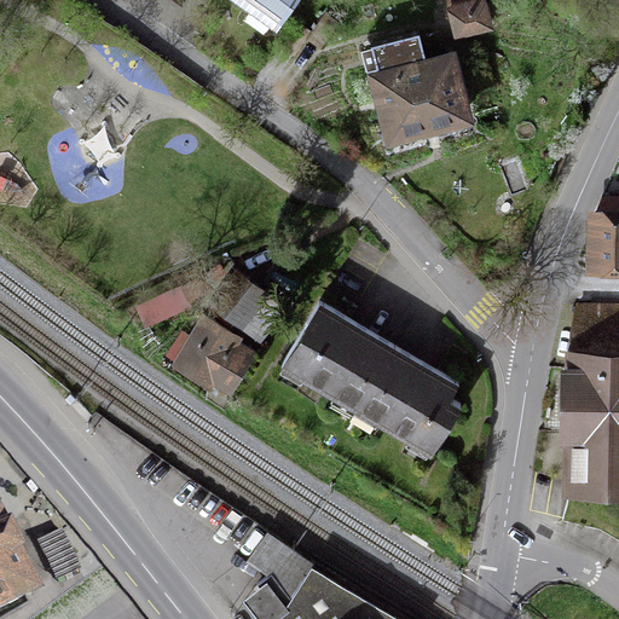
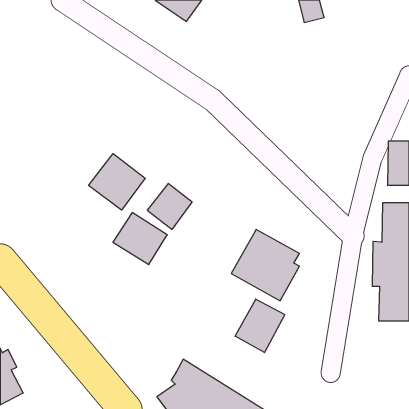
building: [365,31,474,143] -> none
building: none -> [89,154,145,210]
building: [277,306,387,413] -> none
building: none -> [235,299,285,353]

